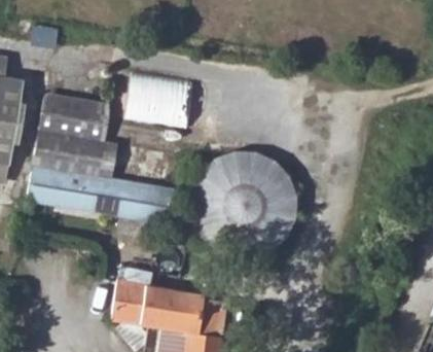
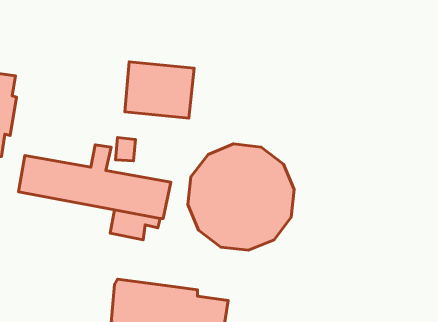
building: [32,95,117,173] -> none

